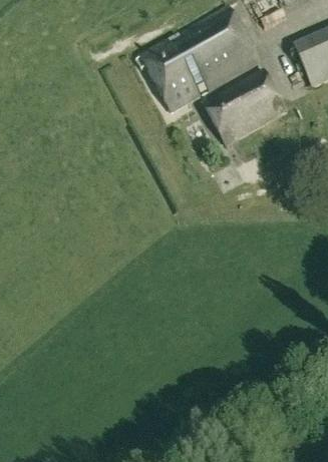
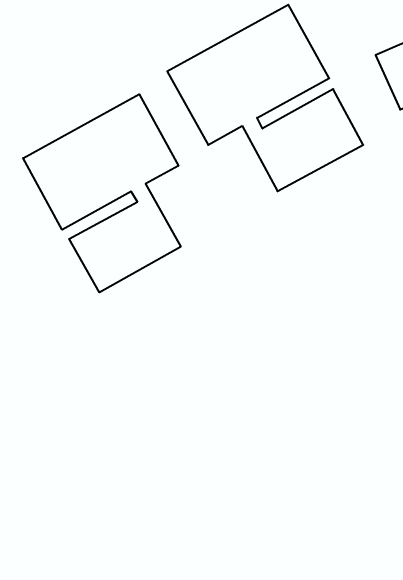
building: none -> [23,94,181,292]

